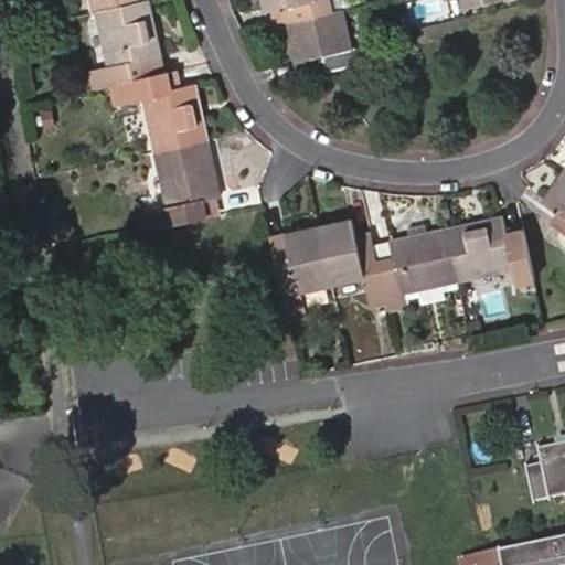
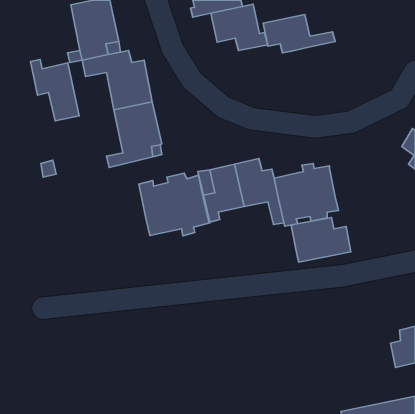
building: none -> [263,15,335,53]
building: none -> [31,60,79,121]
building: [447,217,527,278] -> [292,218,351,262]
building: none -> [139,173,210,236]

